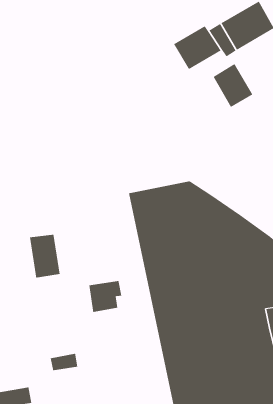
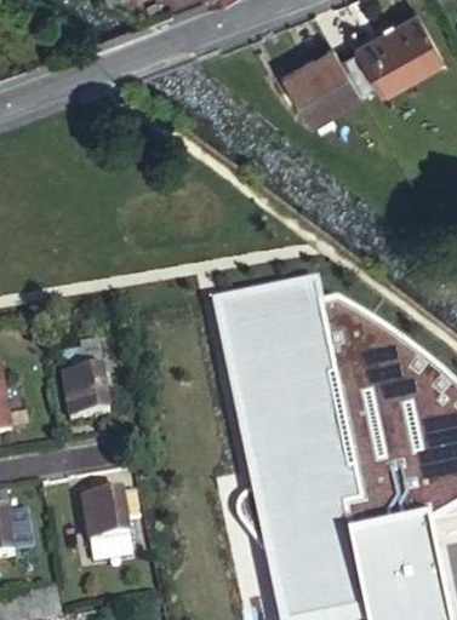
building: [213,63,253,108] -> none
building: [88,280,122,313] -> [90,500,141,549]

